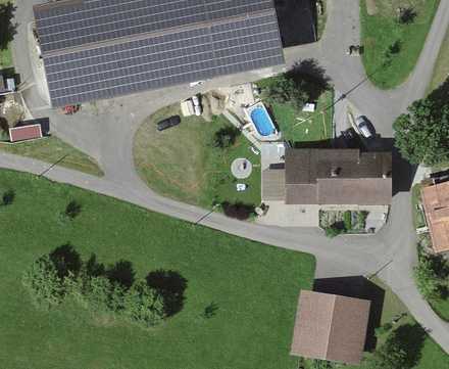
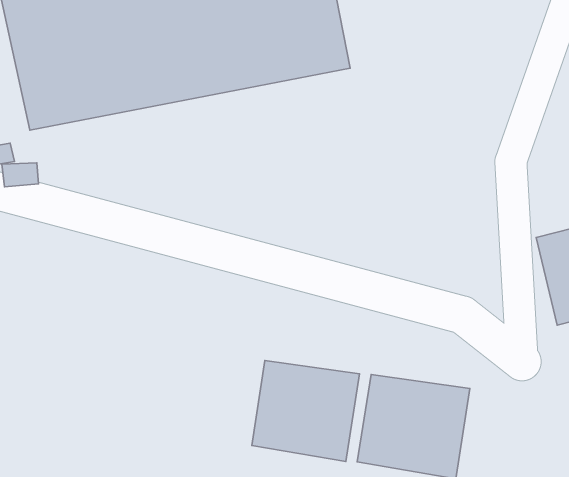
building: [262,147,392,203] -> none
building: none -> [252,360,359,462]

